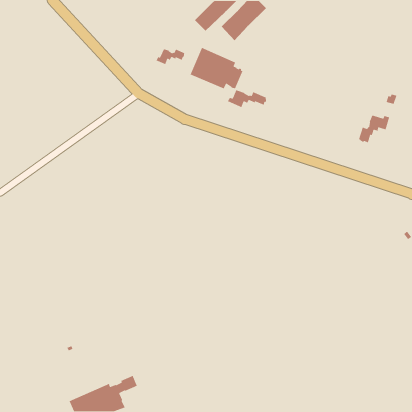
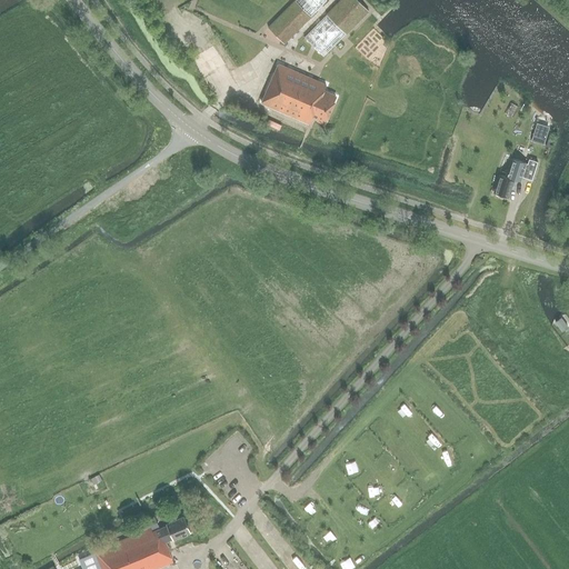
building: [155,48,186,65] -> none
building: [227,89,268,108] -> none

